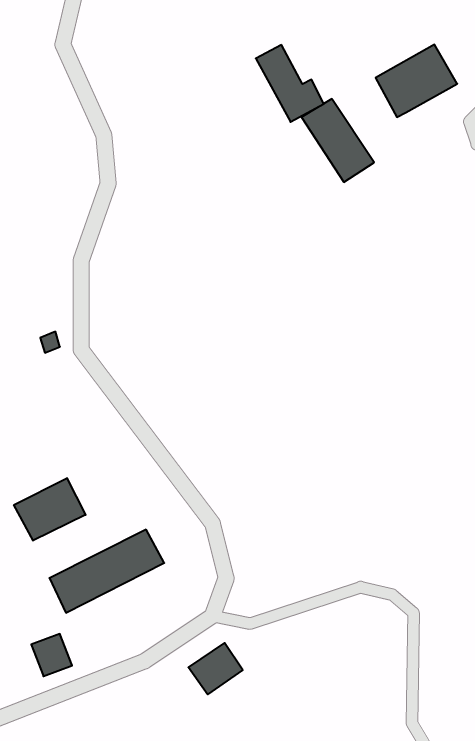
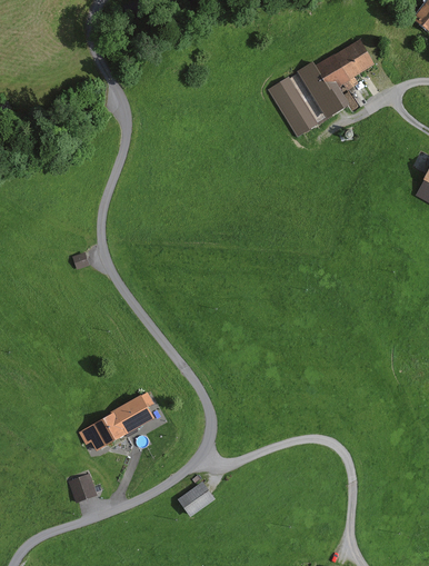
building: [256,45,324,122] -> [299,61,349,118]
building: [14,478,86,541] -> none

